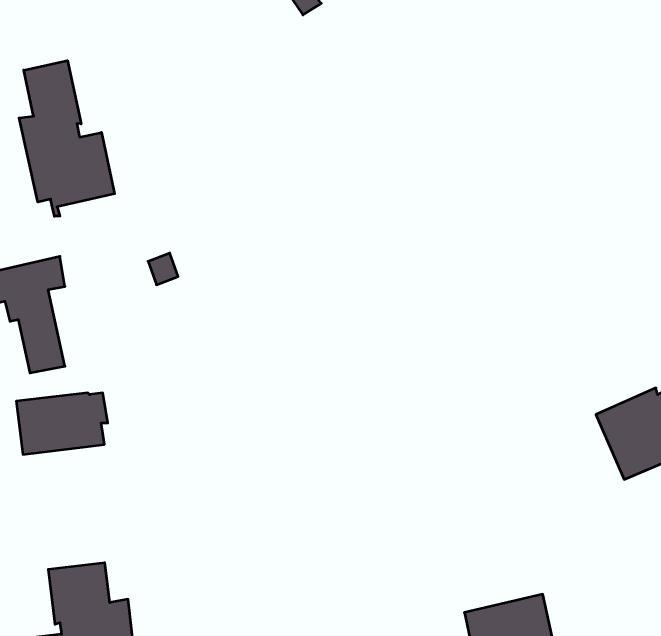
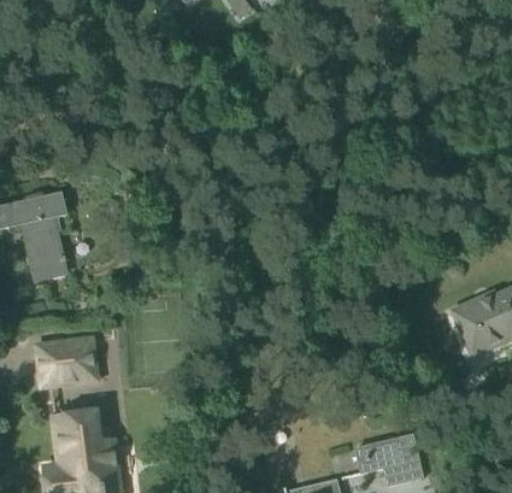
building: [19,61,115,216] -> none
building: [16,393,108,454] -> [40,340,106,385]

